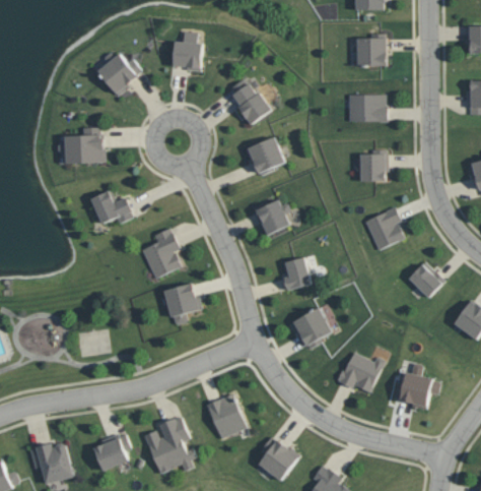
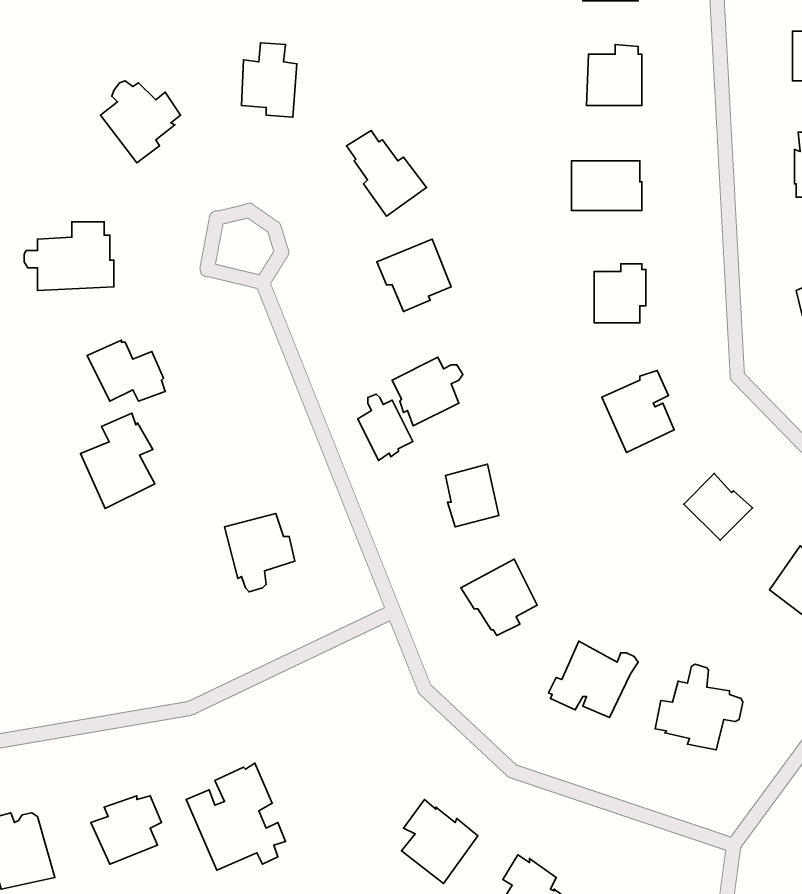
building: none -> [358,394,413,460]
building: [141,228,181,279] -> [80,413,155,509]
building: [205,393,246,438] -> none

